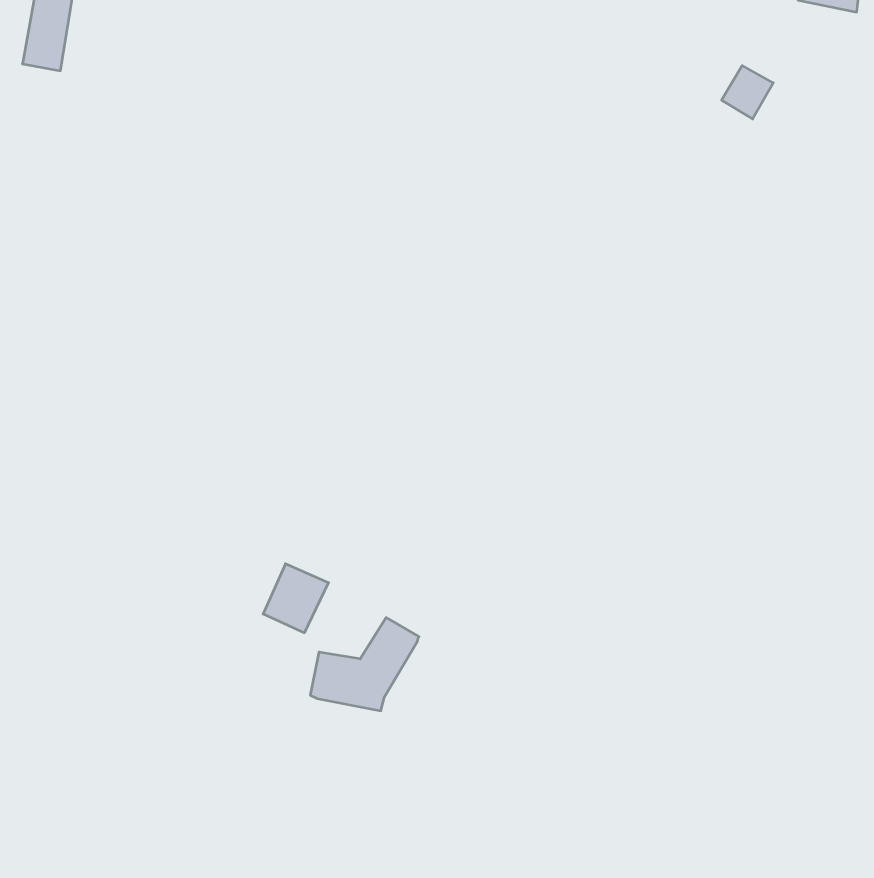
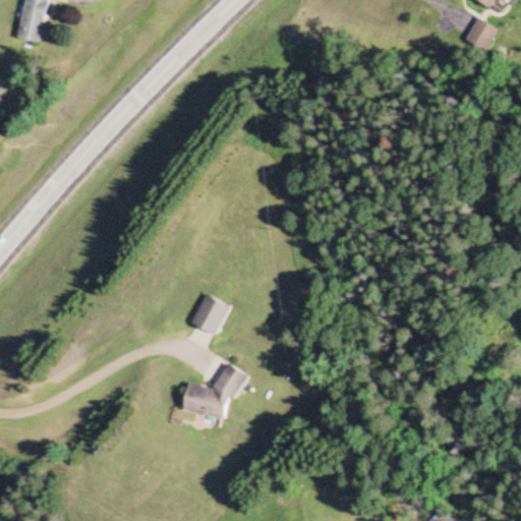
building: [722,66,773,119] -> [466,18,497,50]
building: [263,564,329,633] -> [192,294,231,335]

